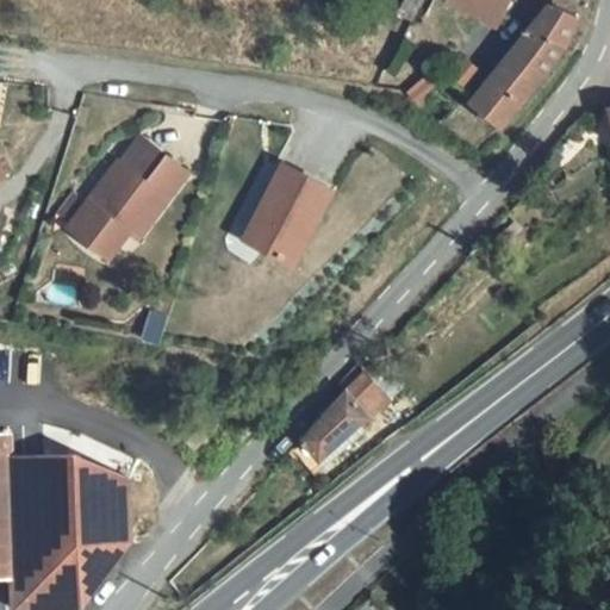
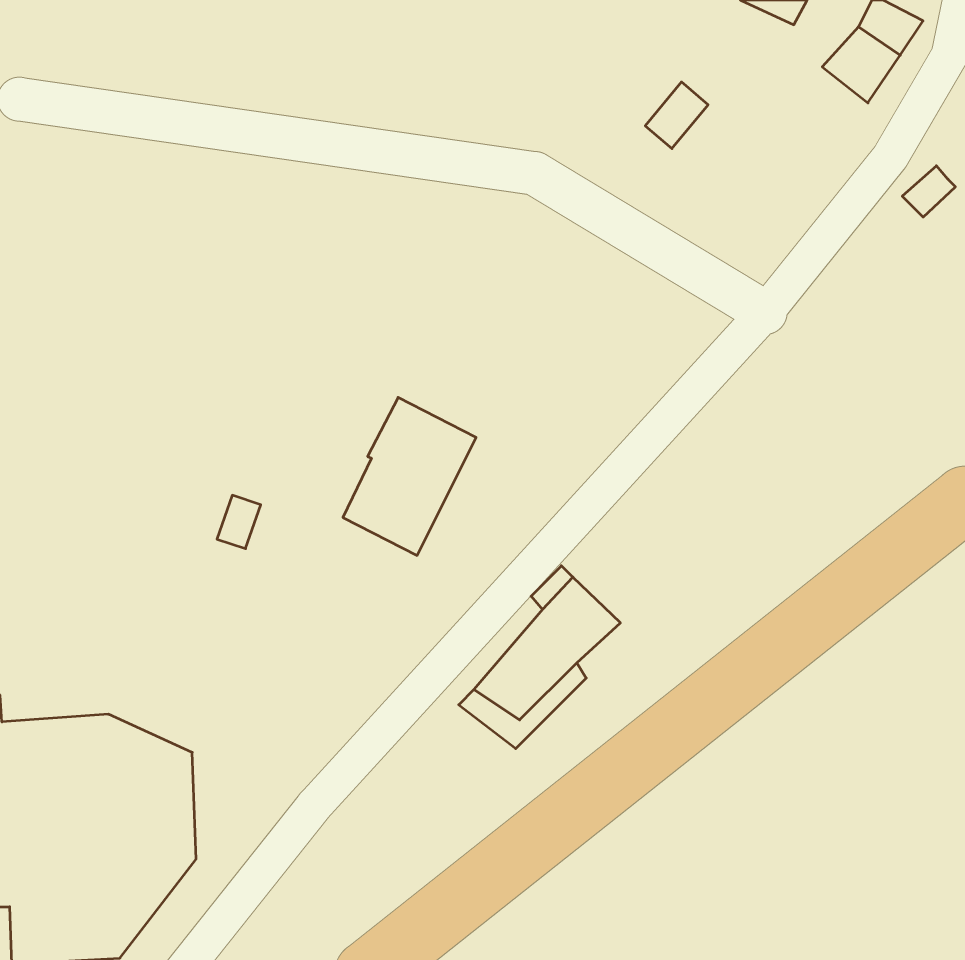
building: [471,50,543,120] -> none
building: [57,136,188,255] -> none
building: [247,166,330,264] -> [343,397,476,555]

